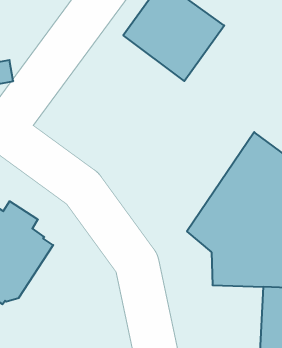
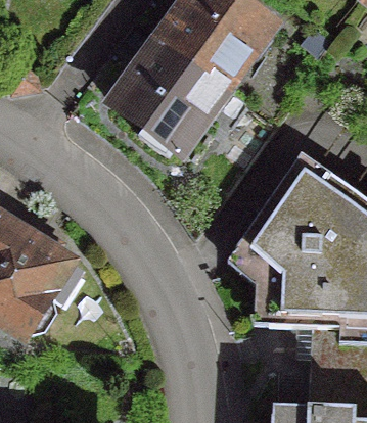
building: none -> [107,41,224,161]

